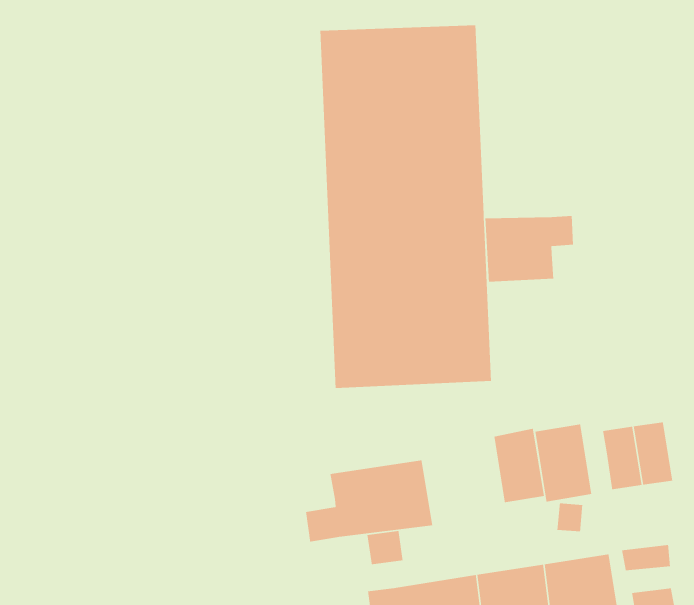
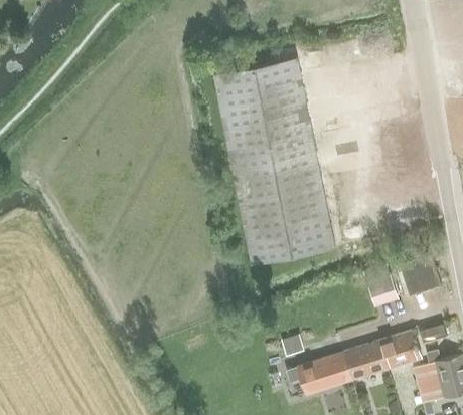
building: [485,215,574,283] -> none
building: [493,428,545,503] -> none
building: [305,459,433,543] -> none

